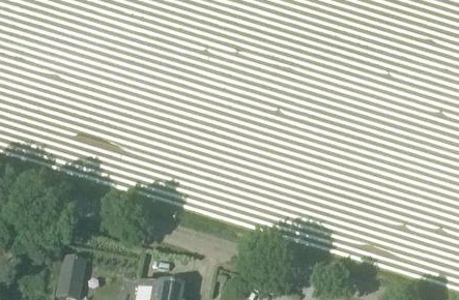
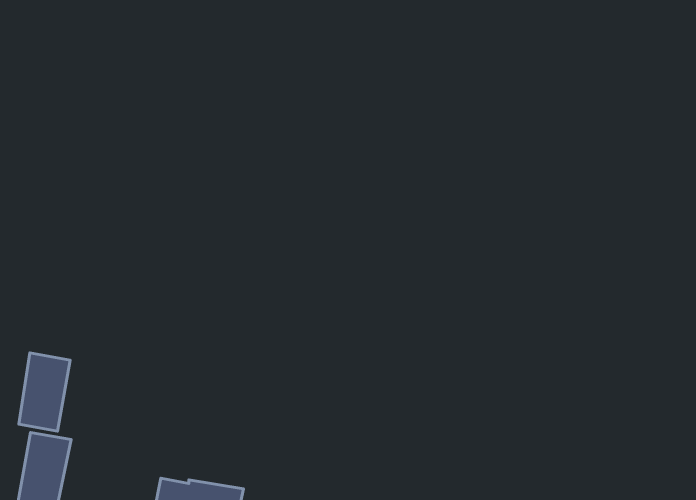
building: none -> [19,353,70,431]

